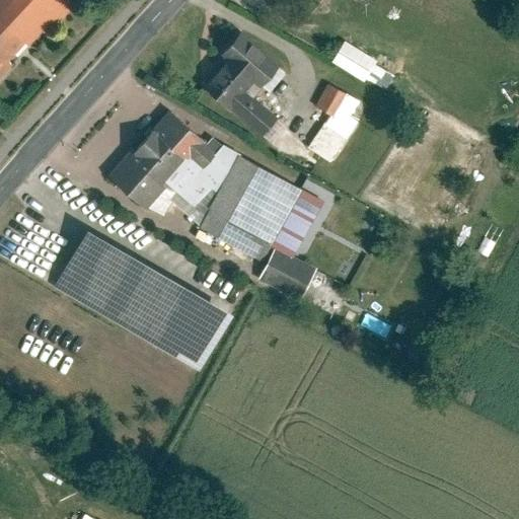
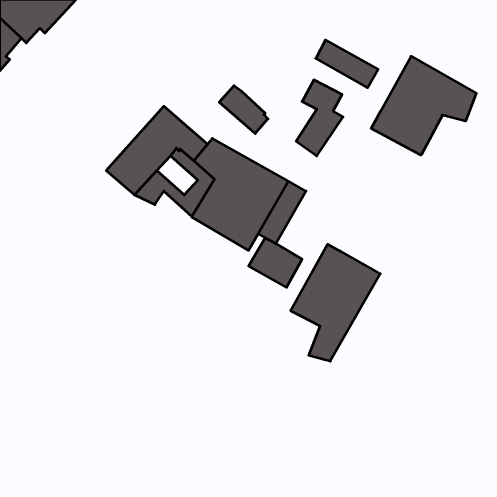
building: [202,33,270,106] -> none
building: none -> [371,56,476,155]
building: [163,162,206,203] -> none
building: [56,232,228,367] -> none
building: none -> [291,244,380,361]

